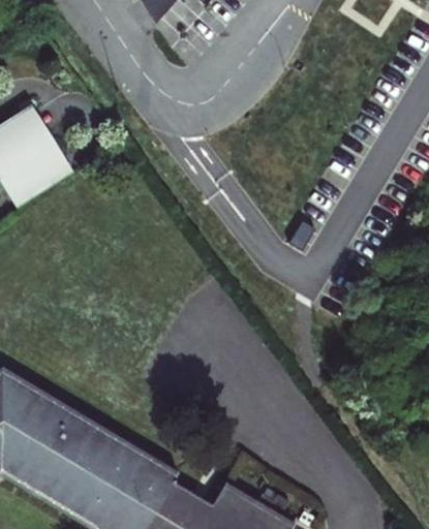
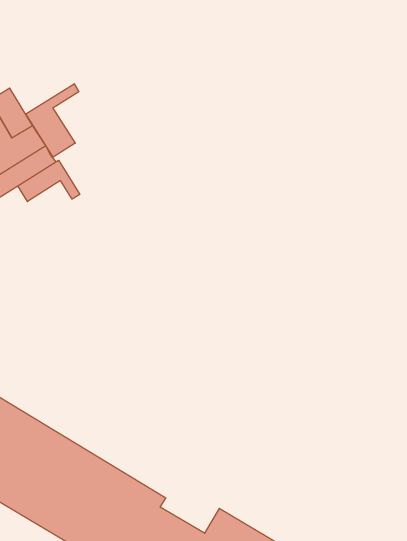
building: none -> [26,84,79,157]
building: none -> [18,160,80,202]

